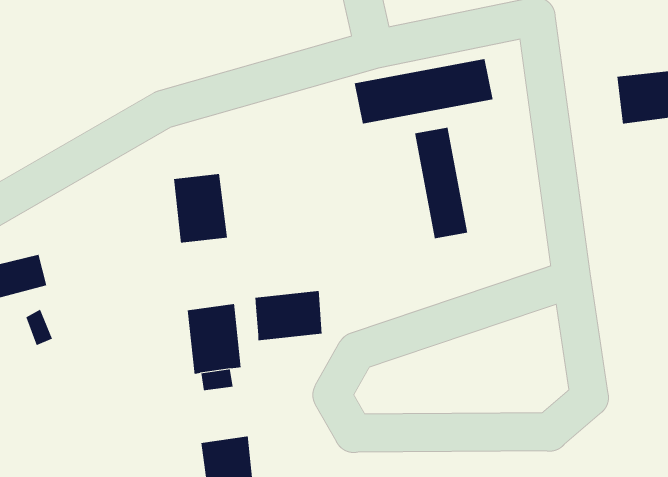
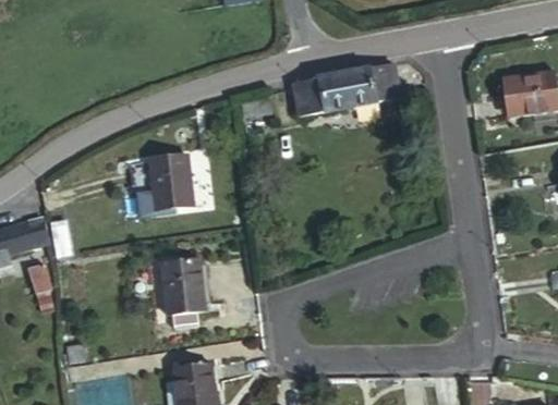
building: [415,127,468,239] -> none
building: [255,290,322,341] -> none

